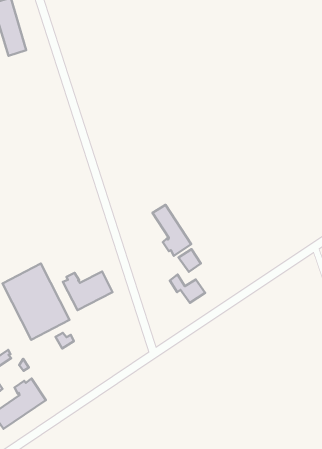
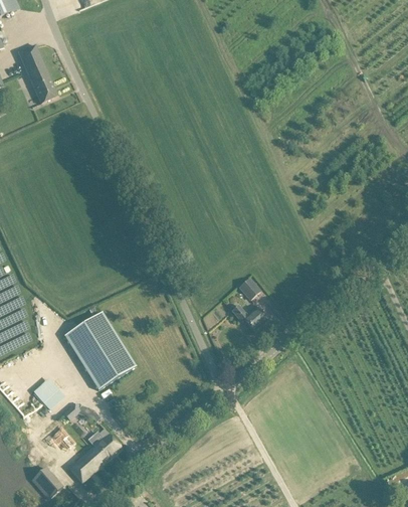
building: [153,205,191,256] -> none
building: [63,271,112,310] -> none

